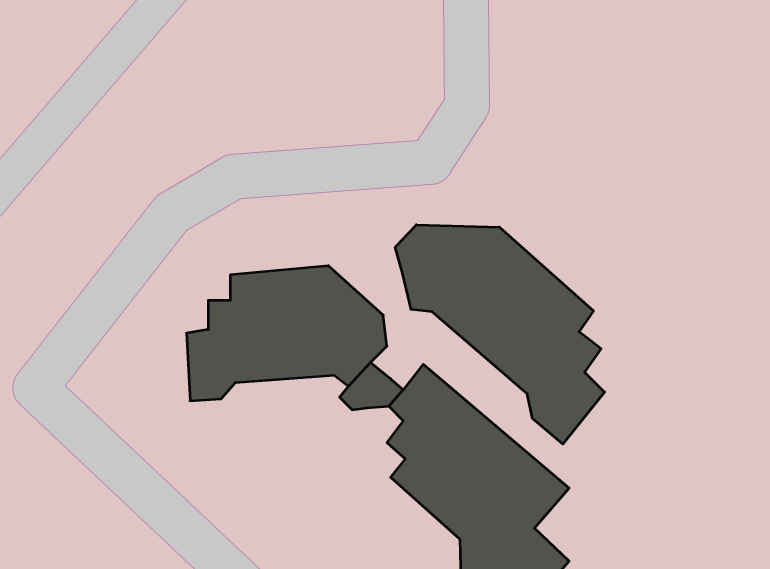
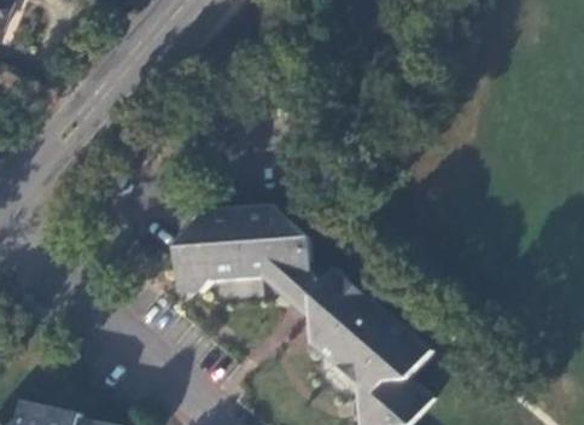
building: [395,225,605,444] -> none

